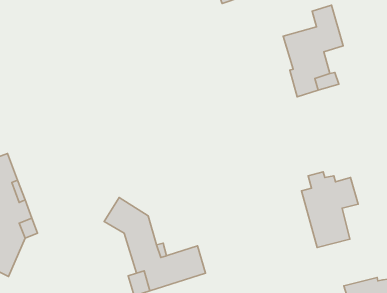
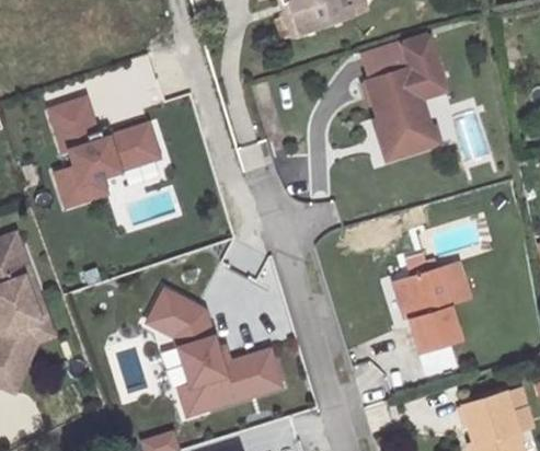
building: none -> [370,36,422,74]
building: none -> [48,100,159,209]

